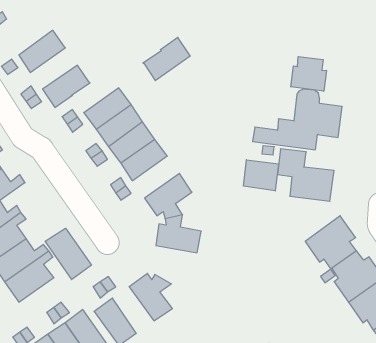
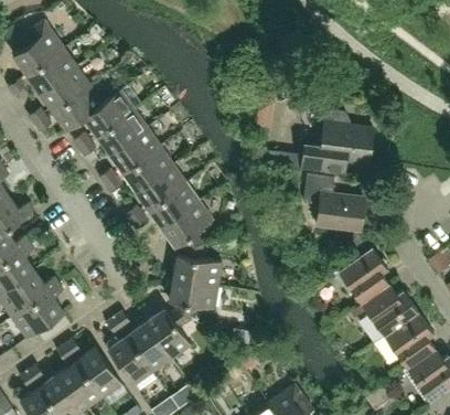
building: none -> [13,20,64,74]
building: [143,37,190,81] -> [84,89,135,136]
building: none -> [40,66,90,110]
building: [291,57,326,91] -> none
building: none -> [149,182,200,227]
building: [244,160,279,191] -> none
building: [45,228,91,280] -> none
building: none -> [170,278,218,319]
building: none -> [128,322,172,372]

